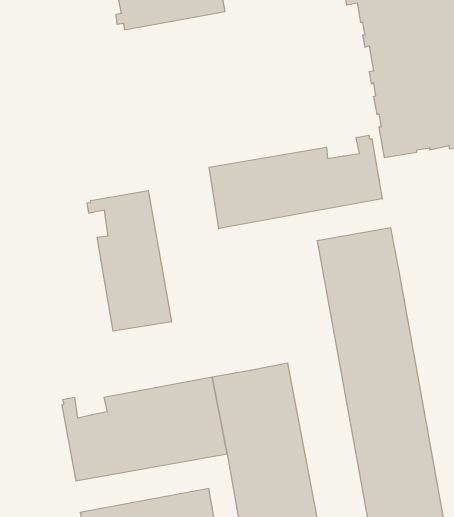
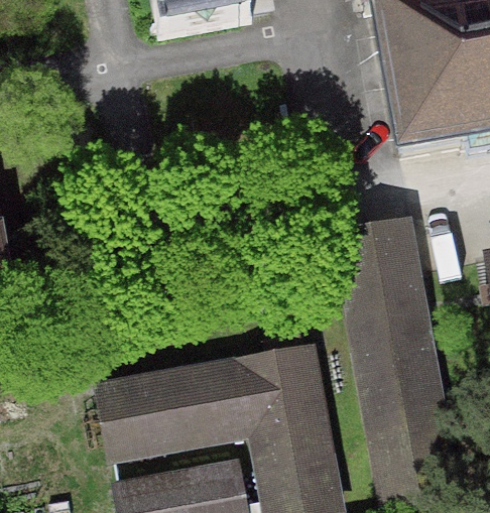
building: [209,135,382,229] -> none
building: [87,191,172,331] -> none

